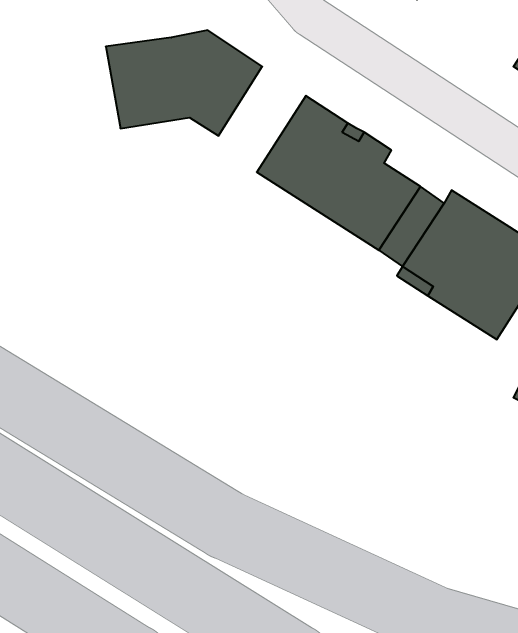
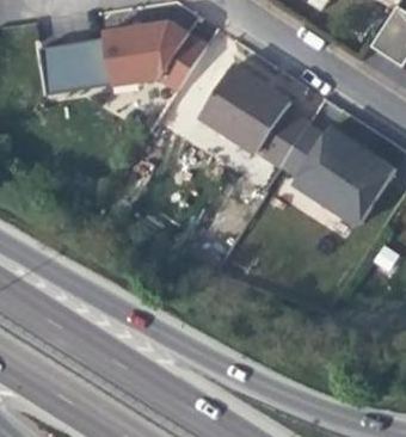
building: none -> [39,38,112,97]

